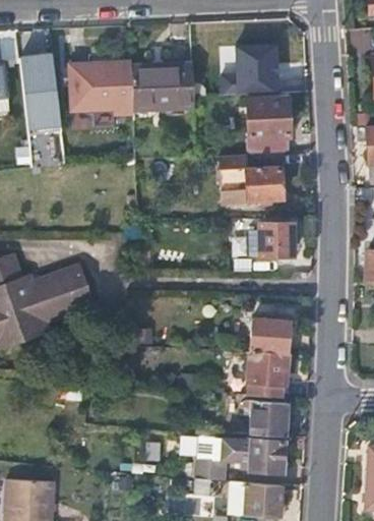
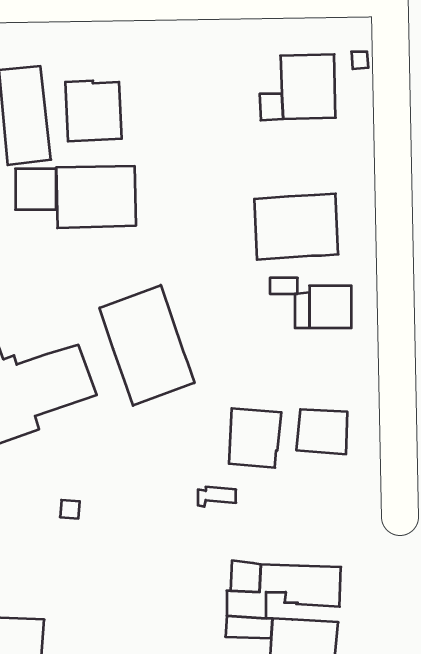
building: [131,63,193,111] -> [56,166,136,228]
building: [247,98,289,153] -> none
building: none -> [100,285,194,406]
building: [247,350,288,396] -> [229,408,281,468]
building: [245,399,286,435] -> none

